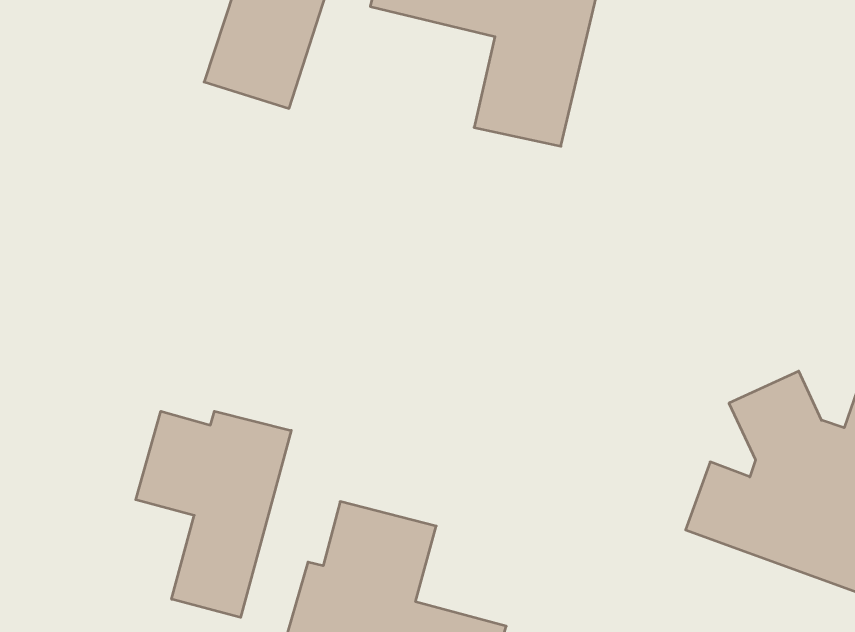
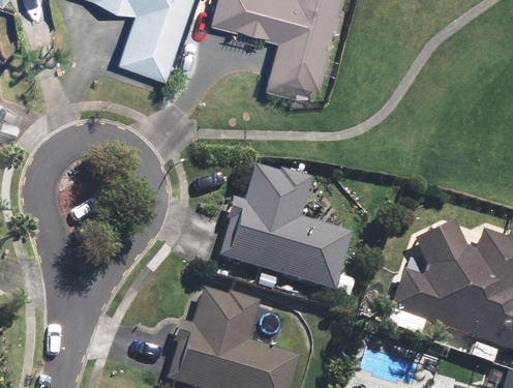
building: none -> [218,166,352,297]
building: [136,411,291,617] -> none

